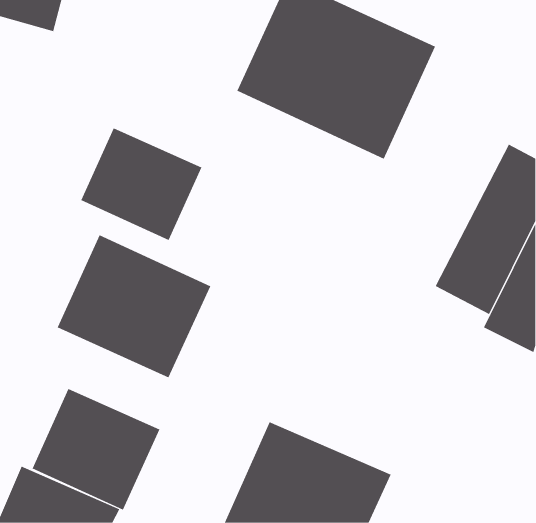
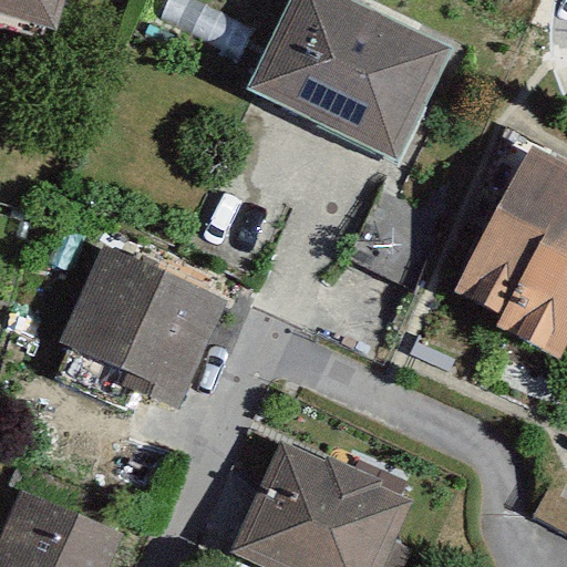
building: [81,128,202,241] -> none
building: [32,388,160,511] -> none

